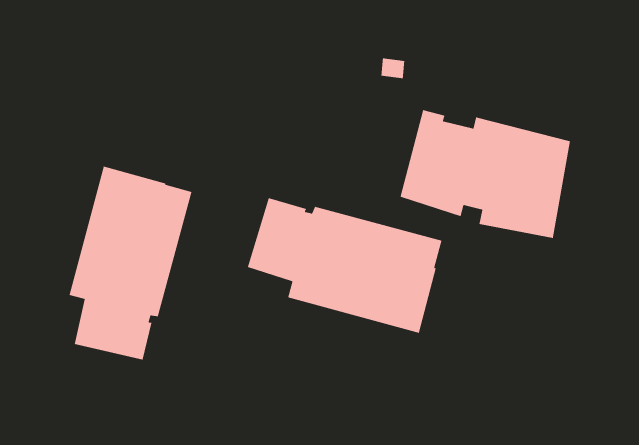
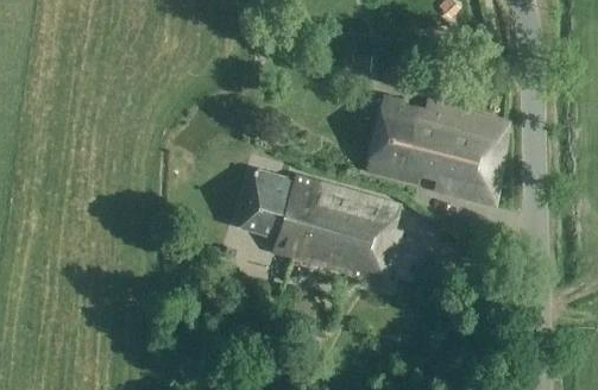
building: [68,165,192,361] -> none

